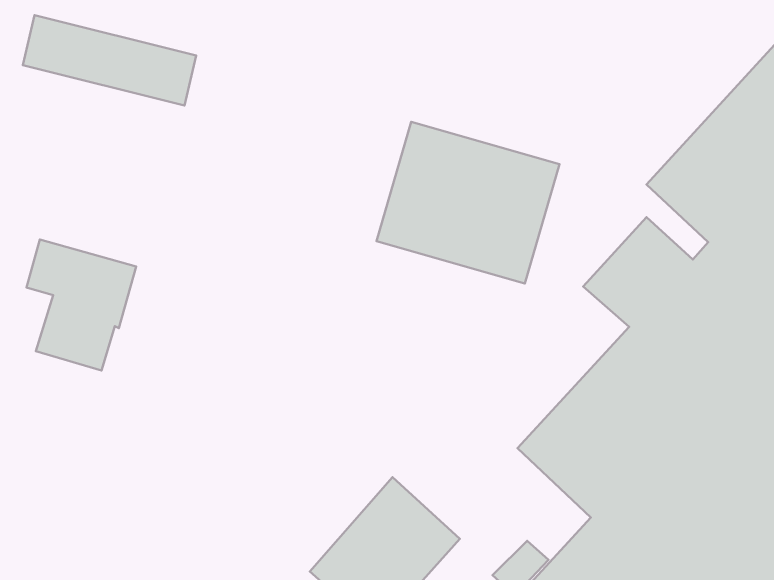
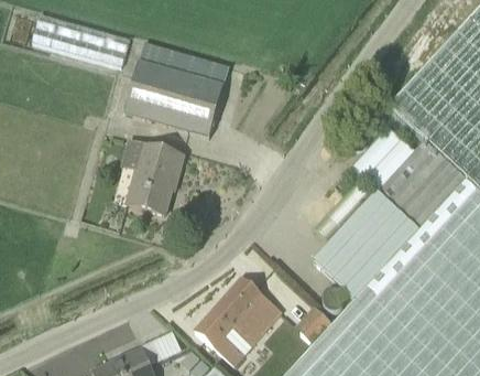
building: [377,122,559,283] -> [124,44,229,137]
building: [26,239,136,370] -> [121,140,184,215]

